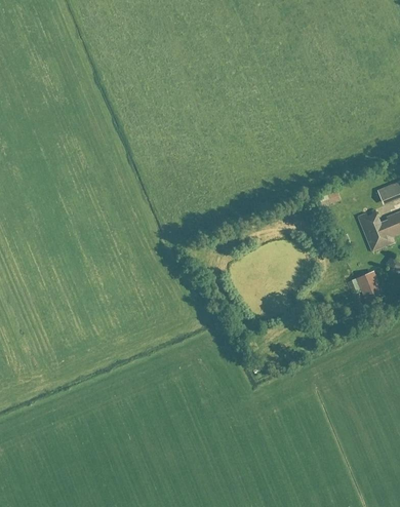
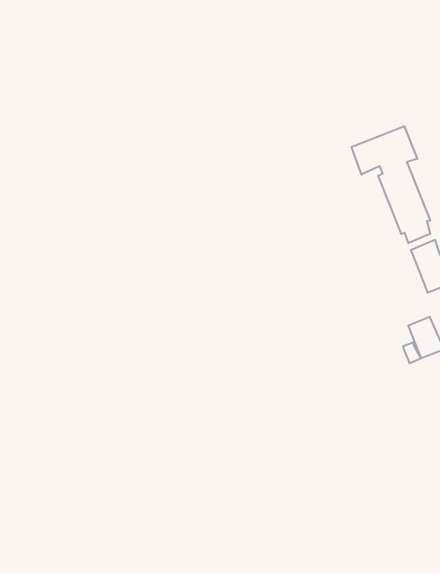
building: none -> [351,126,430,243]

